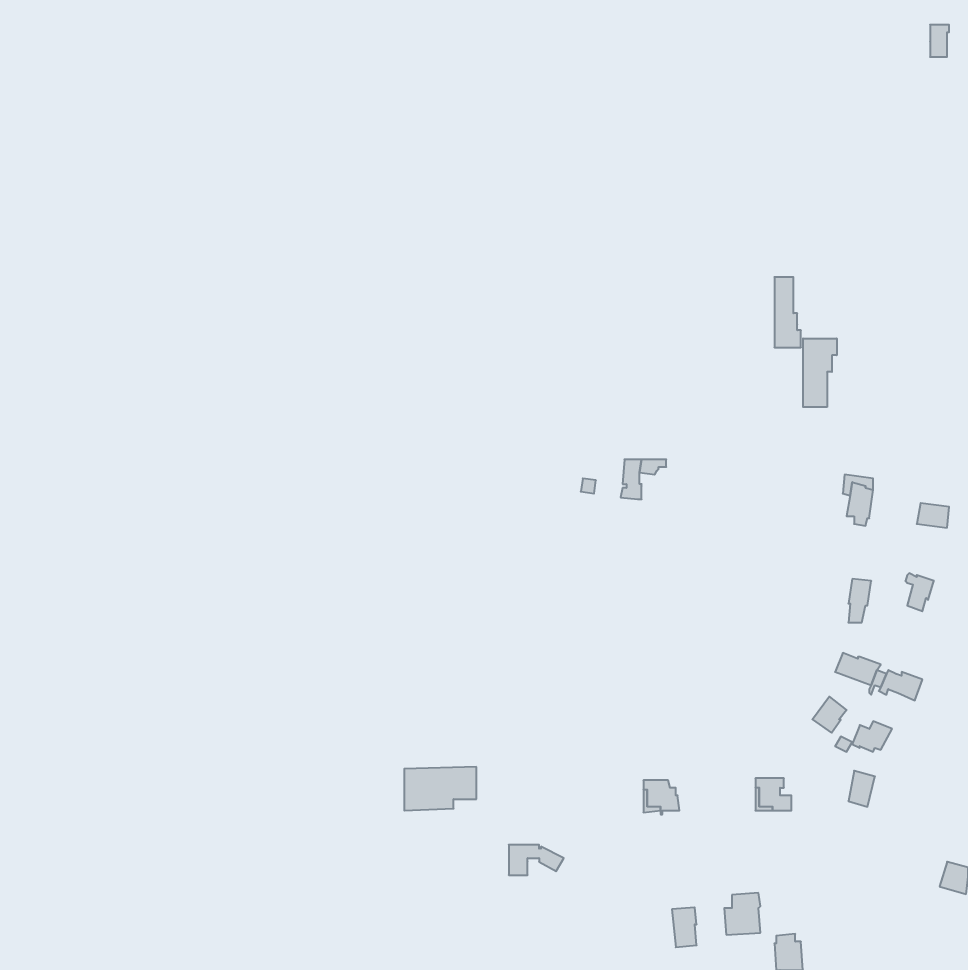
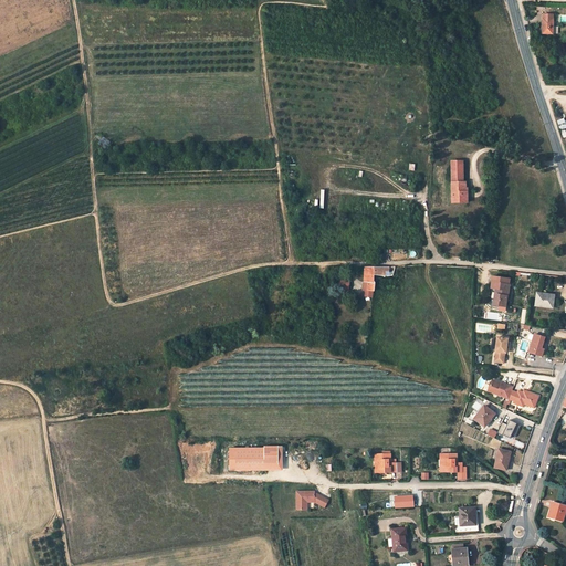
building: [803,338,837,407] -> none
building: [724,893,760,935] -> [454,507,475,532]

